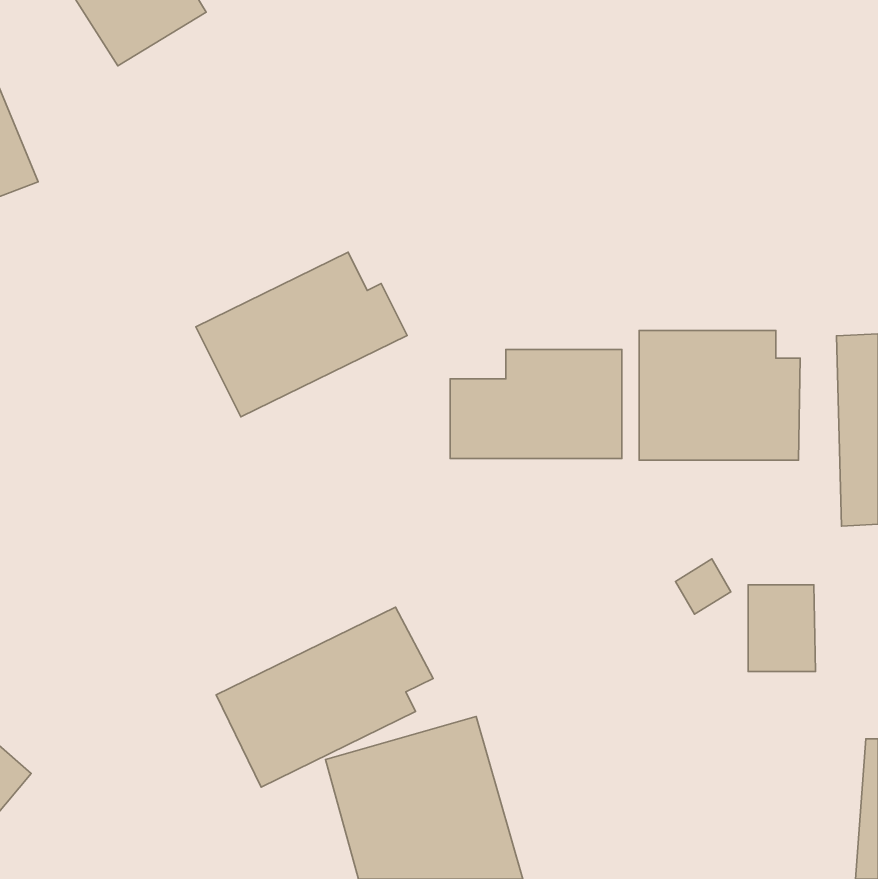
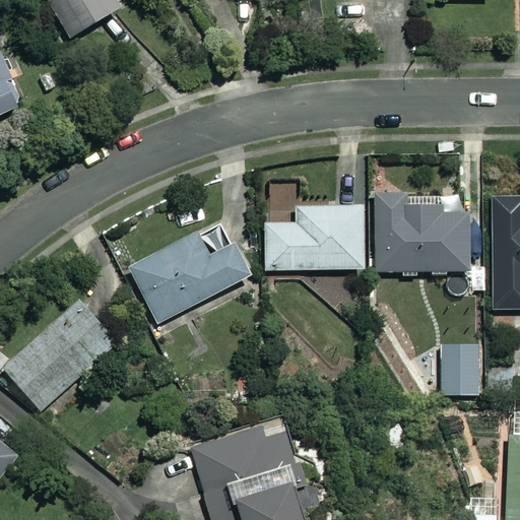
building: [196,252,407,417] -> [129,224,253,321]
building: none -> [4,300,119,410]
building: [216,607,433,787] -> none

